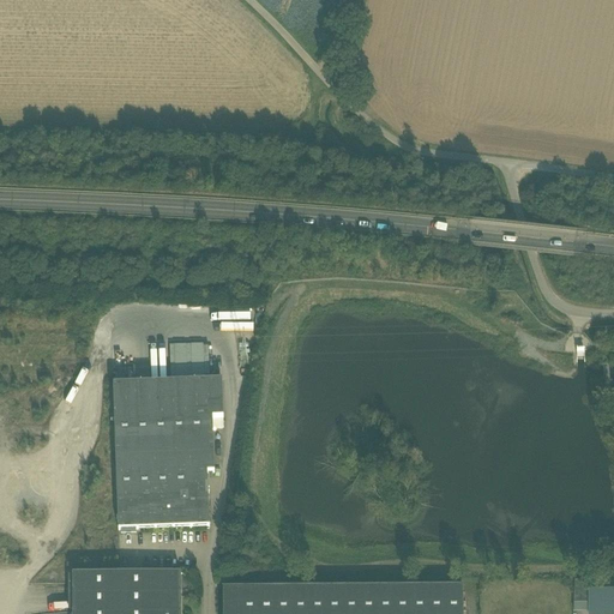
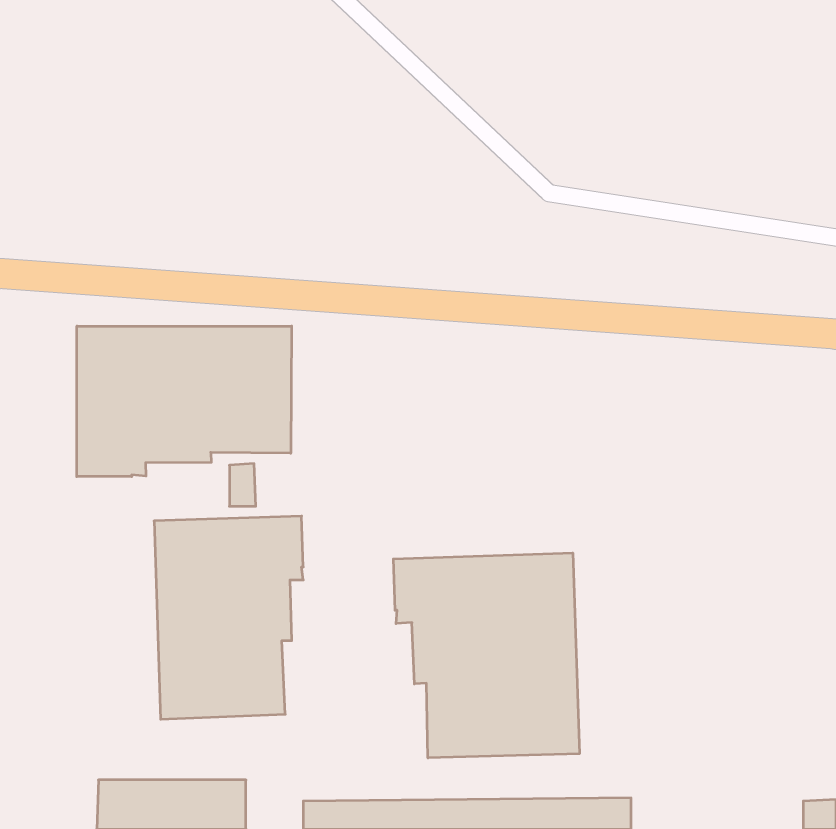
building: none -> [77,326,292,477]
building: none -> [393,553,579,758]

